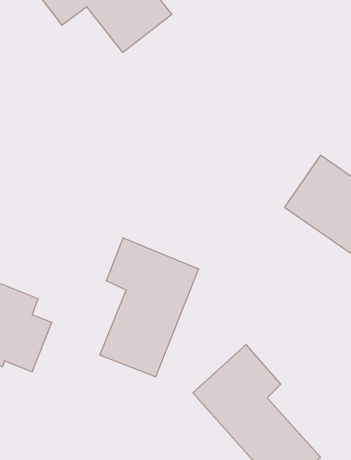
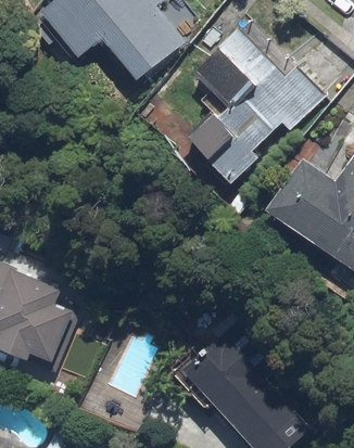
building: none -> [195,36,315,179]
building: [100,238,199,377] -> none

